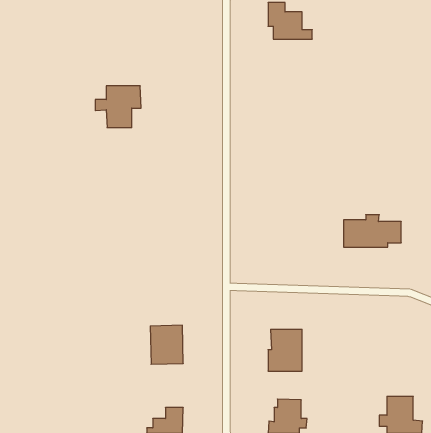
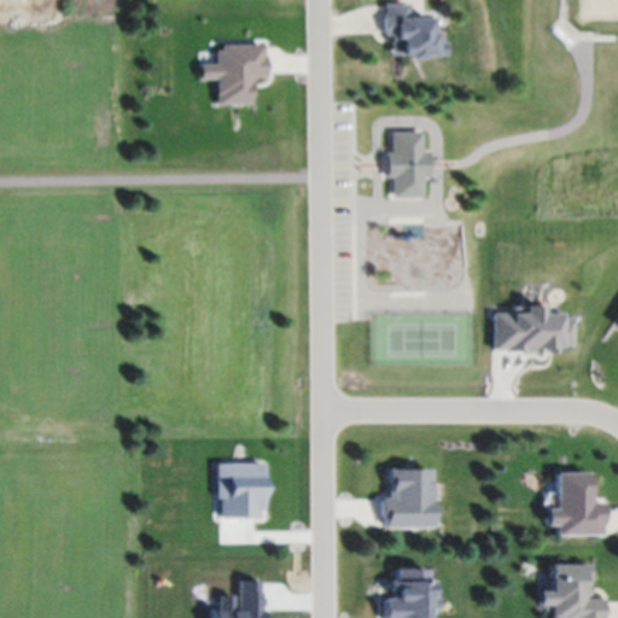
building: [95,86,141,128] -> [202,45,267,104]
building: none -> [389,129,431,194]
building: none -> [550,472,607,535]

